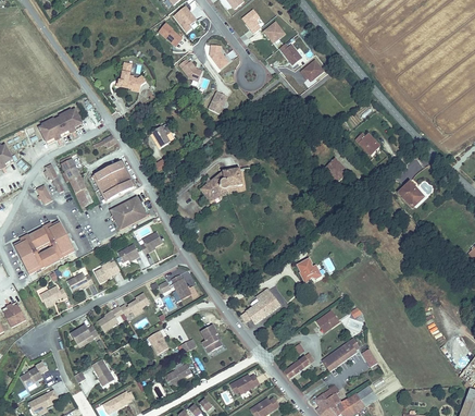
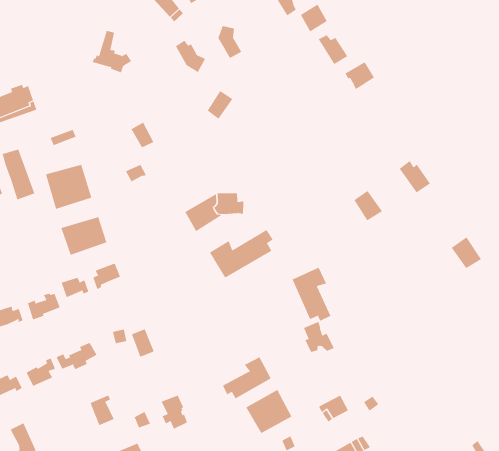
building: none -> [209,229,273,278]
building: none -> [292,267,331,321]
building: none -> [245,389,292,434]

